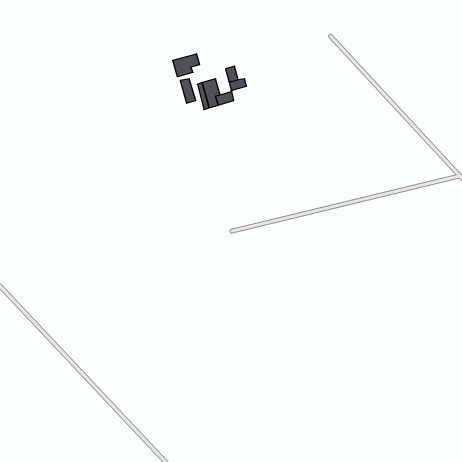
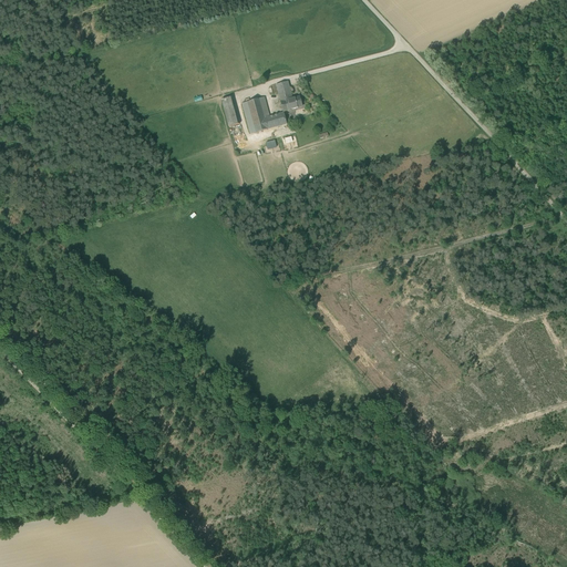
building: [173,54,199,77] -> none

